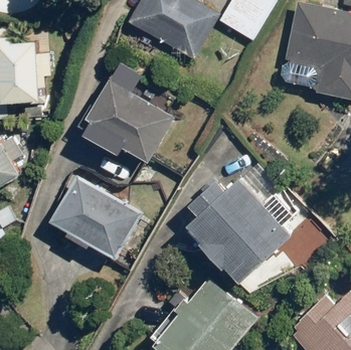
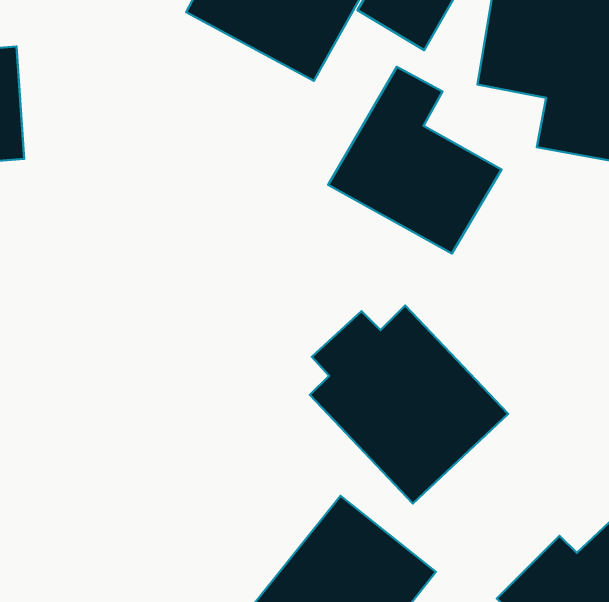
building: [83,61,175,160] -> [328,67,502,253]
building: [47,176,141,261] -> none

